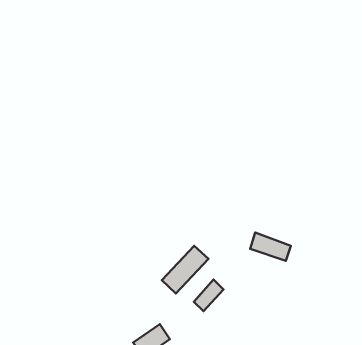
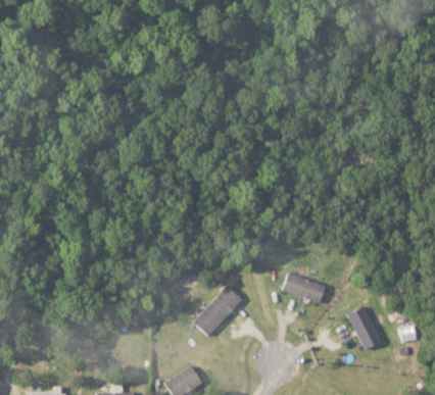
building: none -> [348,307,380,348]
building: [194,280,224,311] -> none

